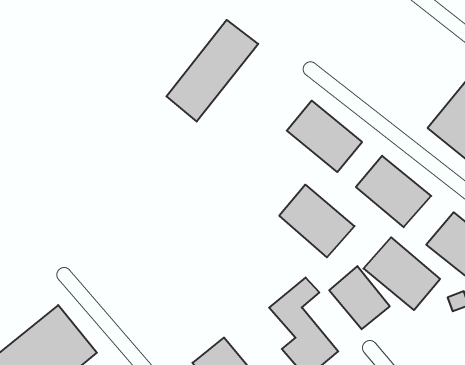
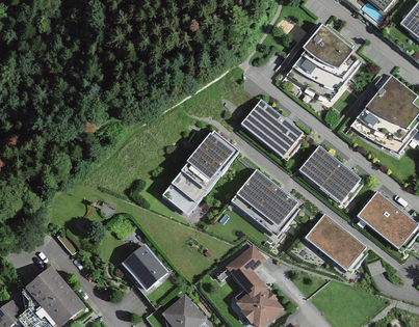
building: none -> [283,22,360,107]
building: [166,20,258,122] -> [160,131,236,215]
building: [329,266,390,329] -> none
building: none -> [125,243,173,292]

